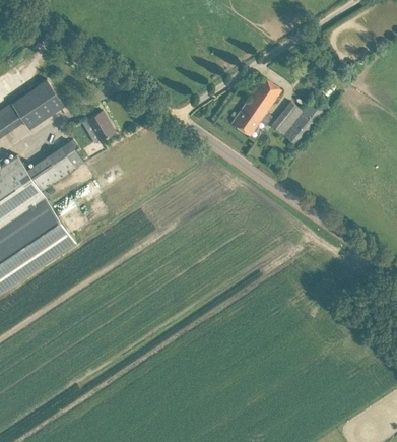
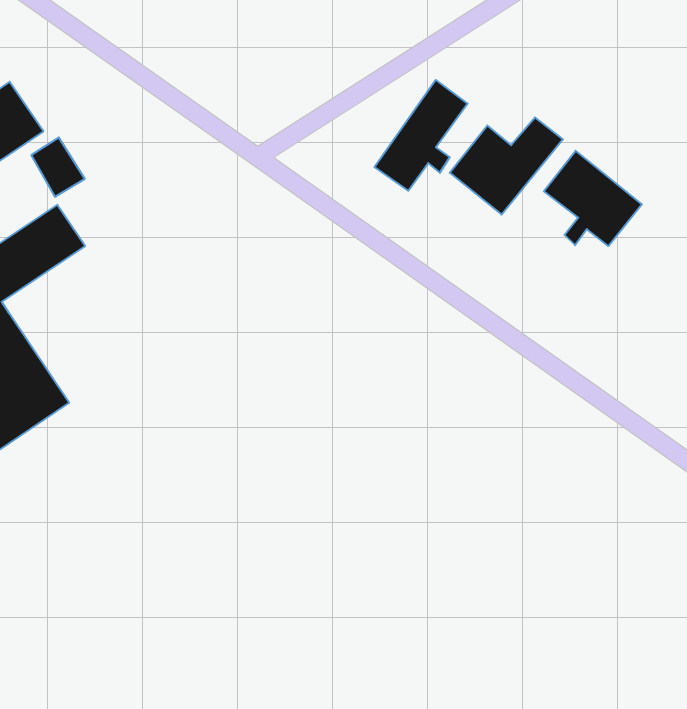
building: [86,112,114,142] -> [31,137,85,197]
building: none -> [544,151,642,246]

